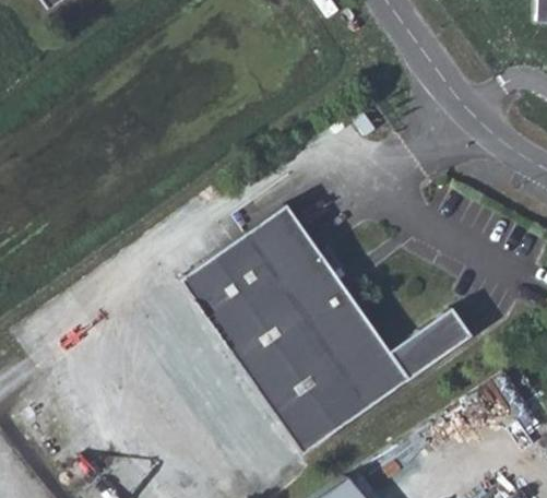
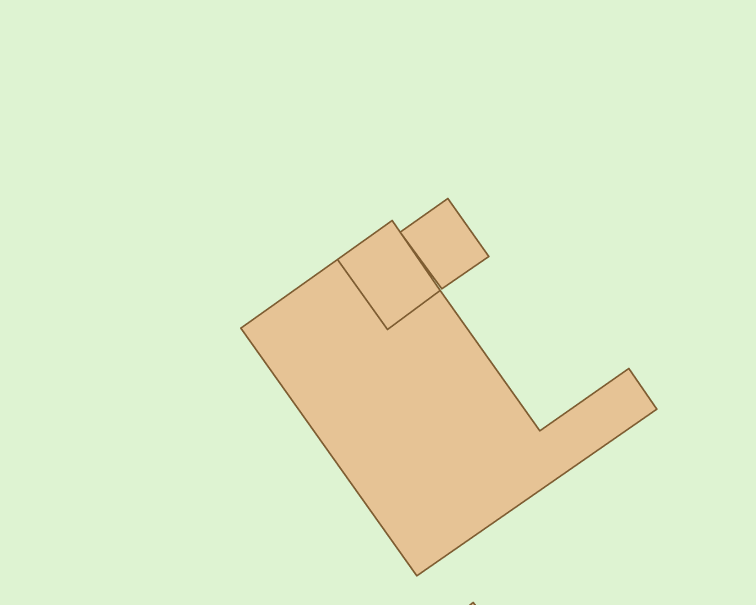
building: none -> [400,199,489,289]

